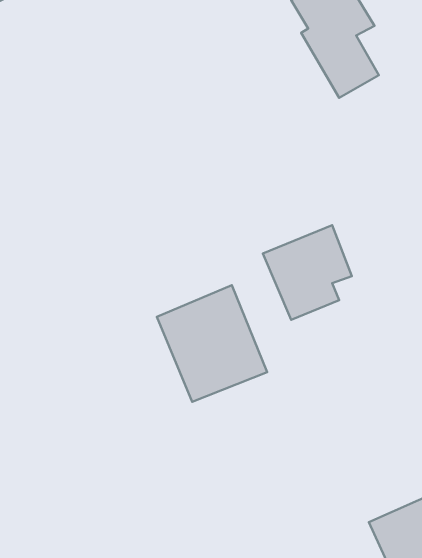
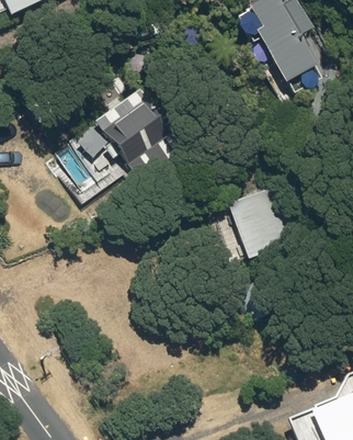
building: none -> [95,83,175,176]
building: [157,285,267,402] -> none

